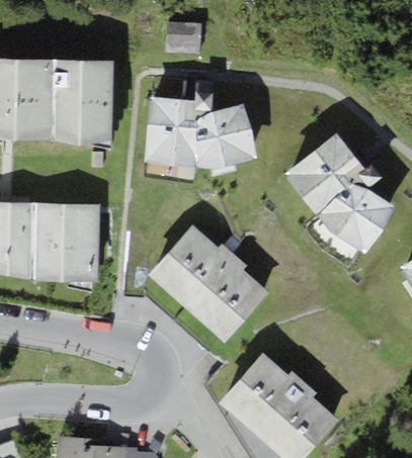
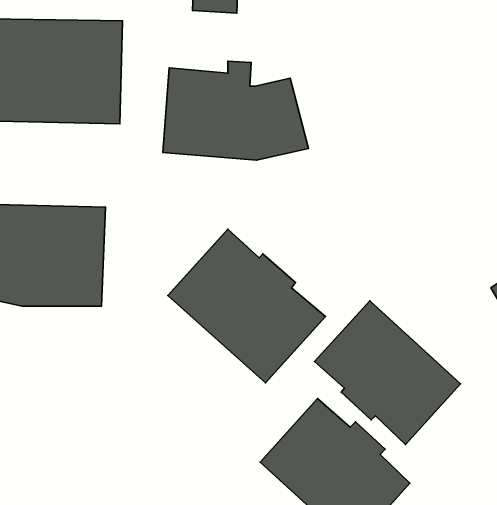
building: [282,134,394,255] -> none
building: none -> [315,301,461,445]

